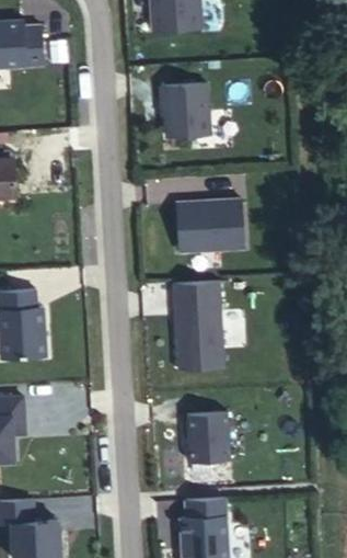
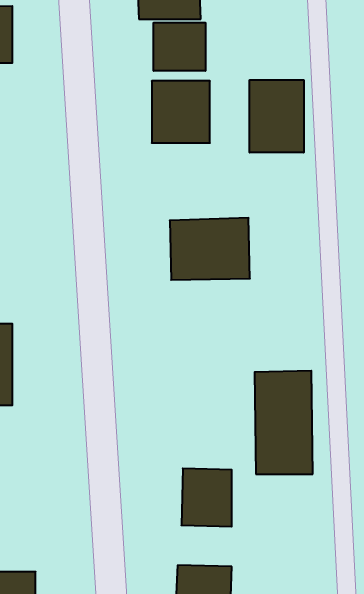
building: none -> [154,23,205,71]
building: none -> [250,80,304,153]
building: [174,281,223,368] -> [255,371,313,474]

